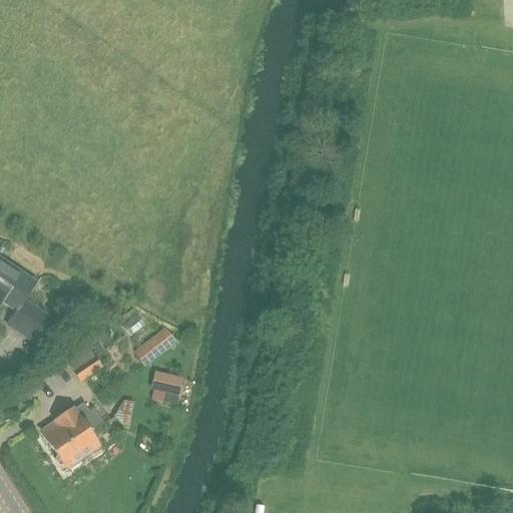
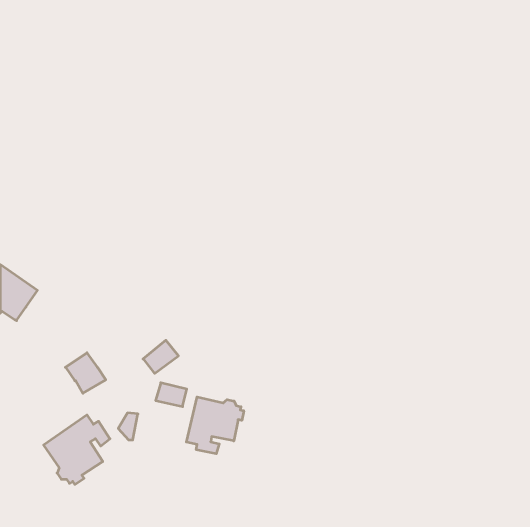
building: [5,297,52,343] -> none
building: none -> [186,397,244,454]

